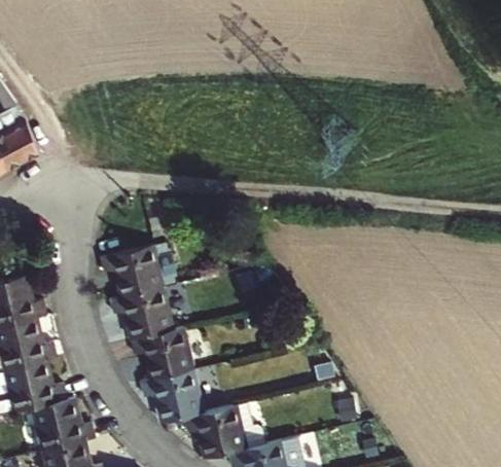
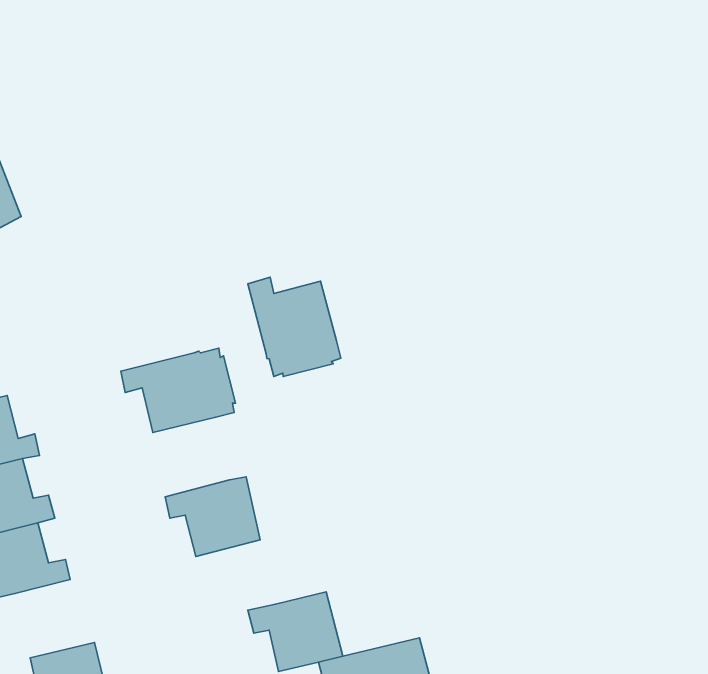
building: none -> [248,277,341,377]
building: [112,287,175,340] -> none
building: [144,369,206,423] -> none
building: [31,394,96,448] -> none

